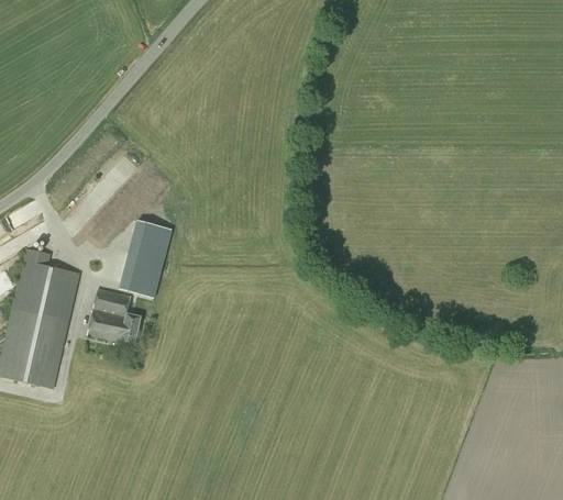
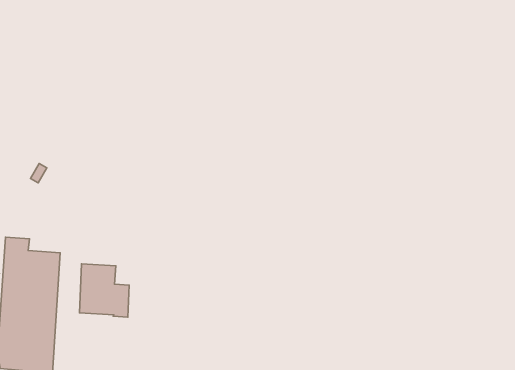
building: [118,220,172,298] -> none

